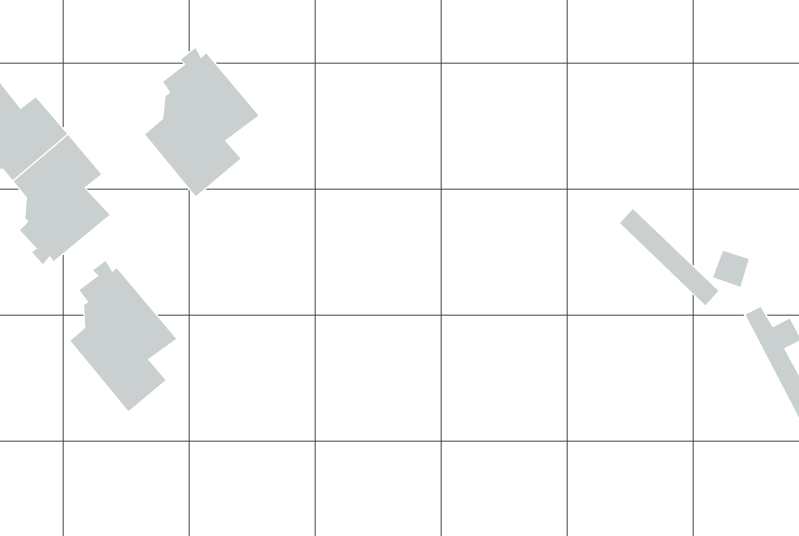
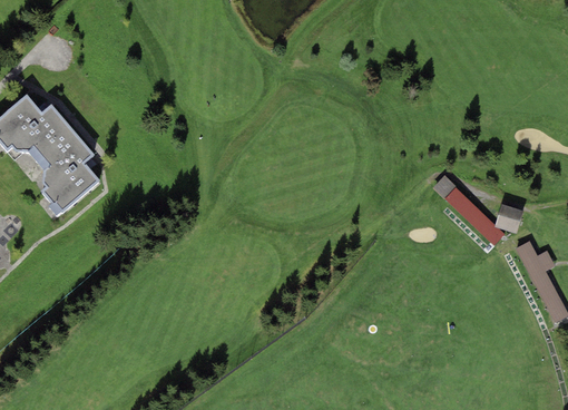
building: [144,47,259,197] -> none
building: [69,260,177,412] -> none

